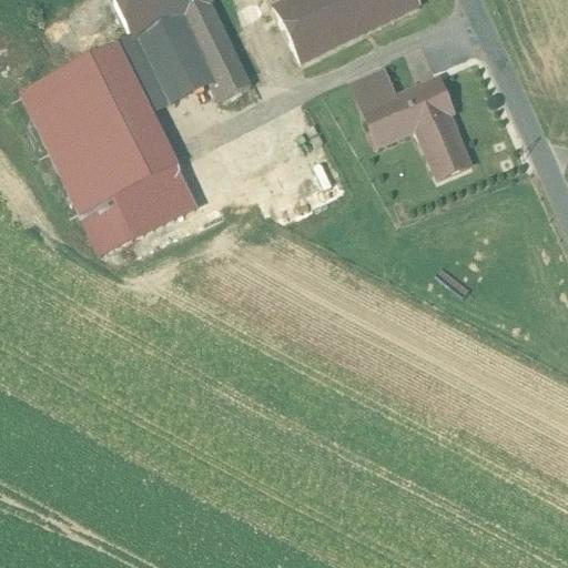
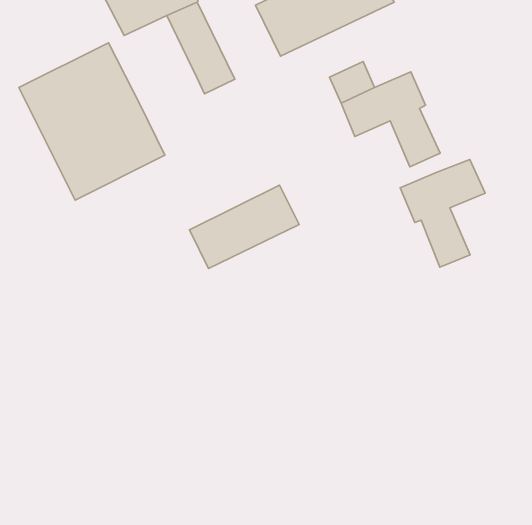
building: [116,17,211,113] -> none
building: [81,165,197,254] -> [190,185,299,268]
building: none -> [400,159,485,267]

